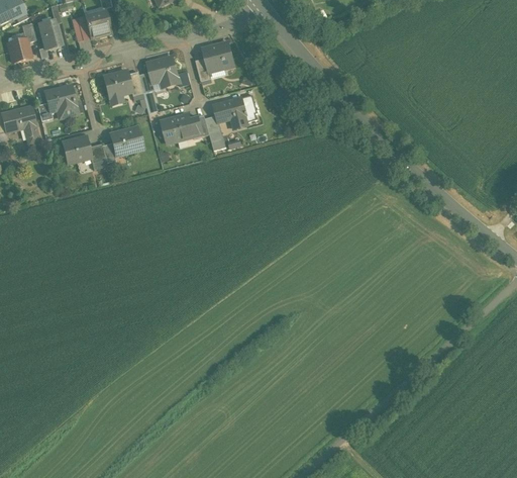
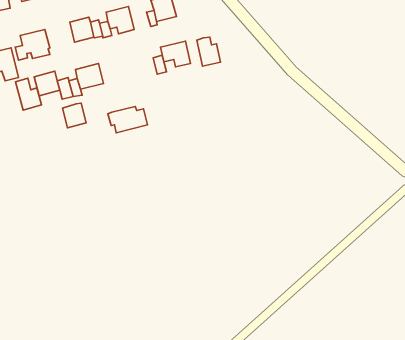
building: none -> [197,37,221,66]
building: [156,111,204,144] -> [108,106,148,133]
building: none -> [15,78,42,110]
building: none -> [62,103,86,128]

